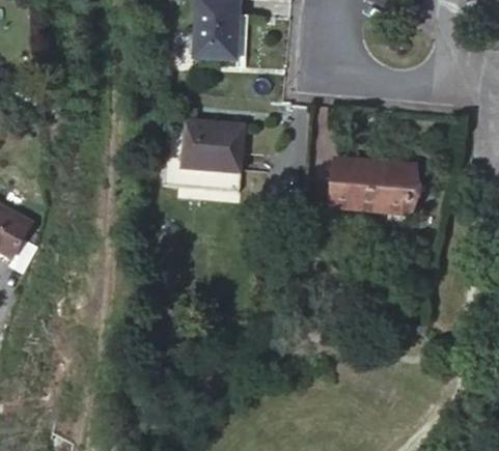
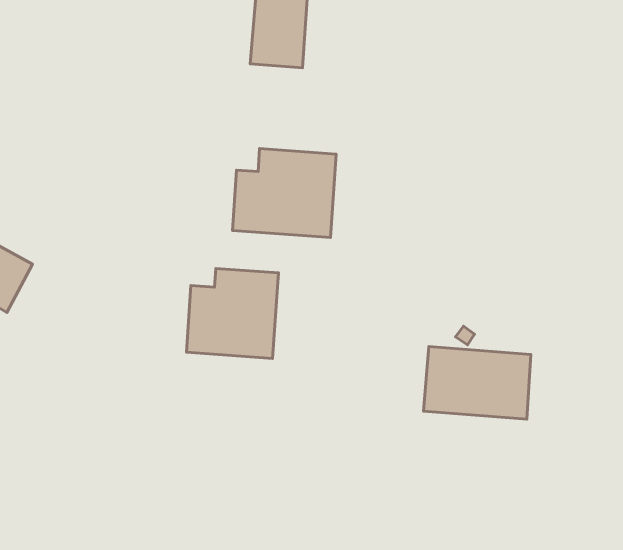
building: [329,157,412,213] -> [423,347,531,419]
building: none -> [186,269,278,358]

